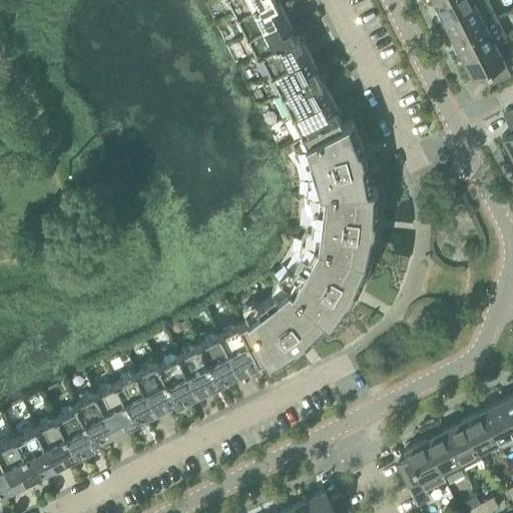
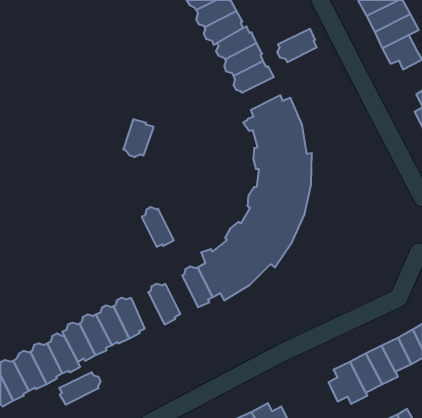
building: [293,99,341,139] -> [277,29,317,62]
building: none -> [123,119,153,157]
building: [201,338,240,386] -> [142,207,174,247]
building: [161,359,200,407] -> none
building: none -> [59,372,100,405]

